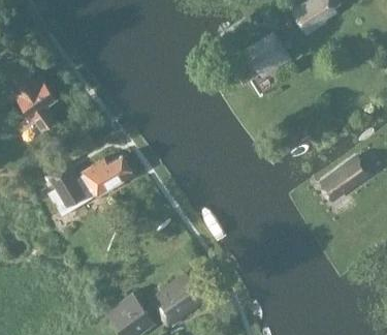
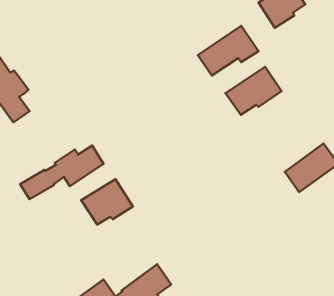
building: none -> [226,67,282,115]
building: none -> [81,179,133,225]

